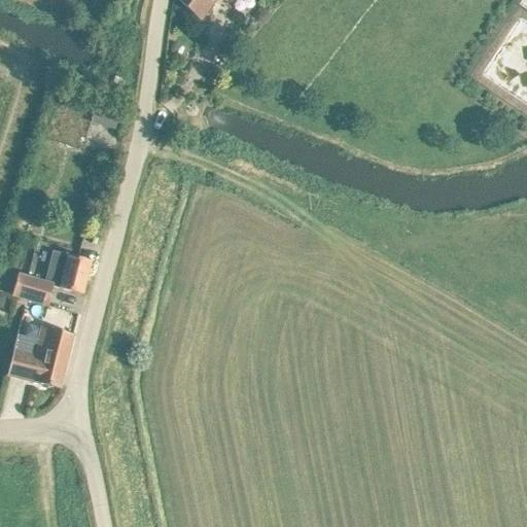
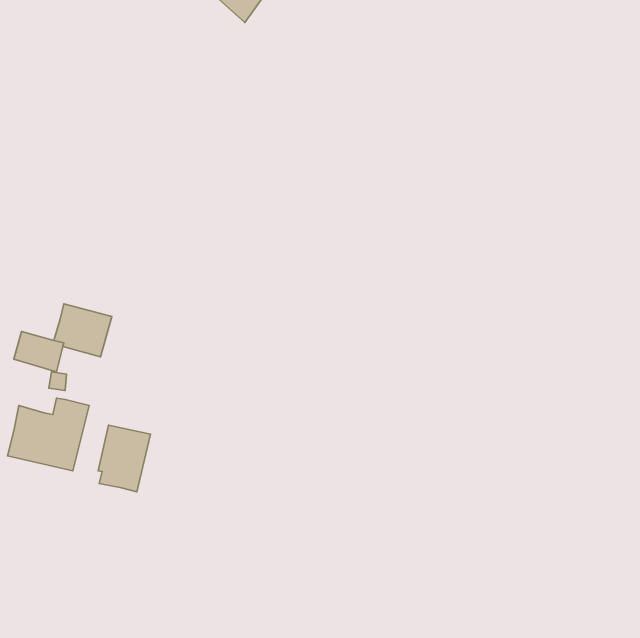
building: none -> [98,425,150,492]

